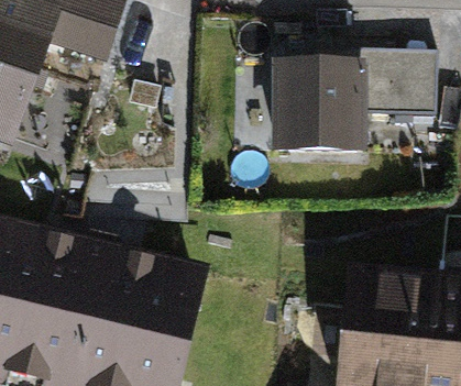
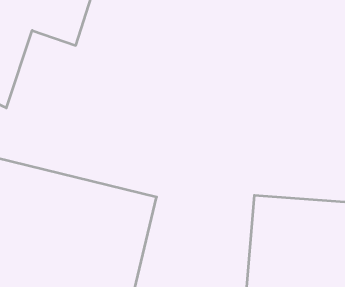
building: [272,55,430,153] -> none

